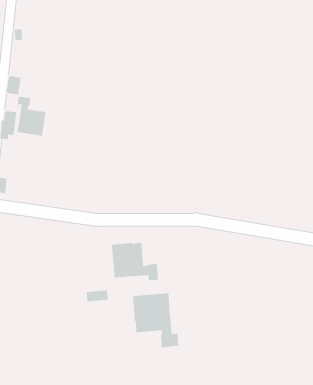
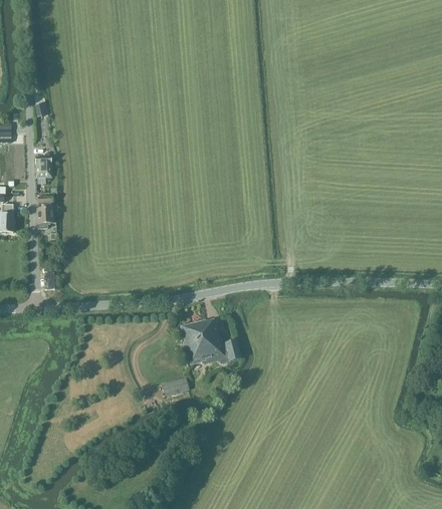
building: [17,96,46,137] -> none
building: [133,292,179,348] -> none

